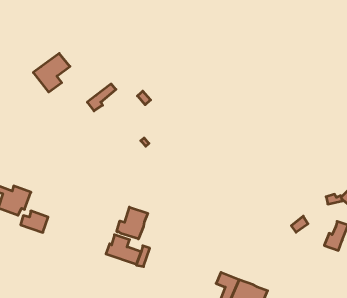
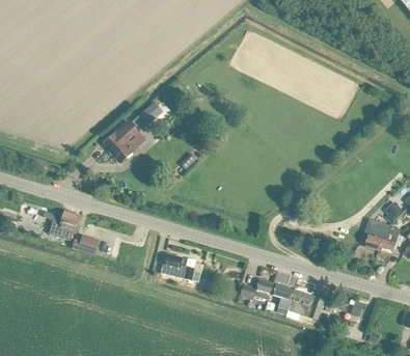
building: [33,53,70,92] -> [104,121,140,161]
building: [117,207,148,239] -> none
building: none -> [364,221,388,250]
building: none -> [240,278,274,300]

